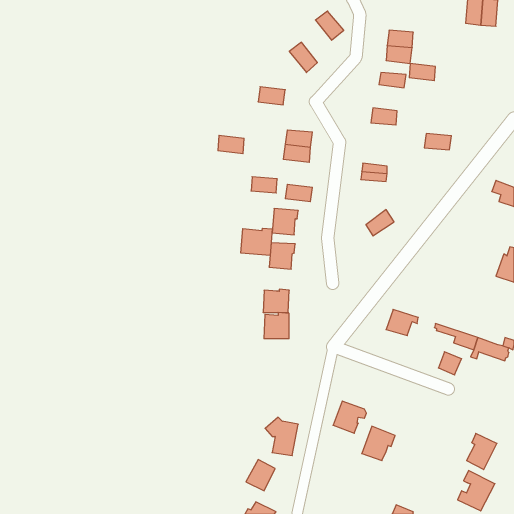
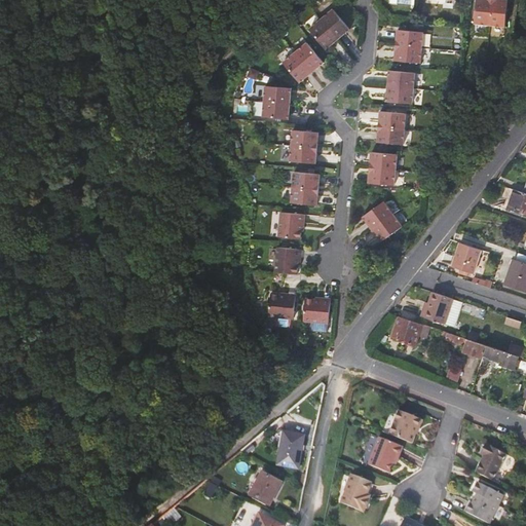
building: none -> [309,21,338,50]
building: none -> [284,52,312,83]
building: [409,63,435,81] -> [385,86,412,104]
building: [424,134,451,150] -> [376,125,404,142]
building: [218,135,244,154] -> [262,104,289,122]
building: none -> [370,152,397,170]
building: [251,177,277,193] -> [293,173,320,189]
building: none -> [364,201,393,229]
building: [241,228,272,255] -> none
building: none -> [453,242,481,272]
building: none -> [421,291,461,325]
building: [264,312,289,339] -> [304,297,330,324]
building: [333,401,366,433] -> [389,408,423,441]
building: none -> [340,472,371,510]

